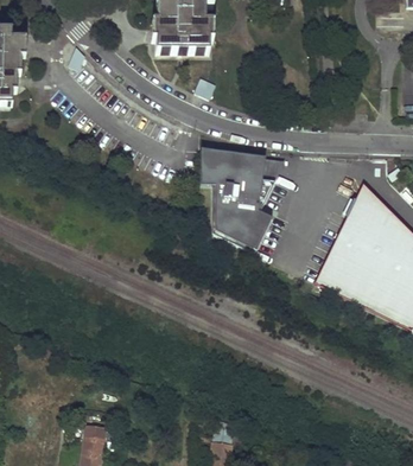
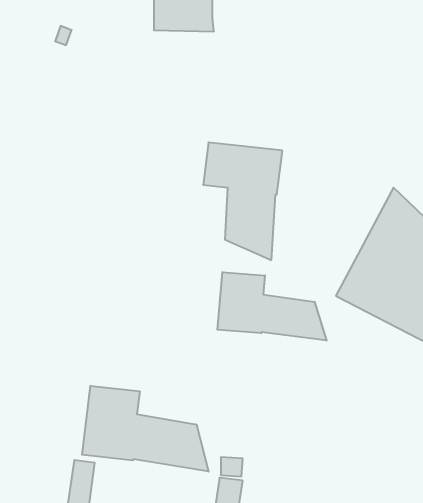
building: none -> [217,272,327,341]
building: none -> [82,386,209,472]

